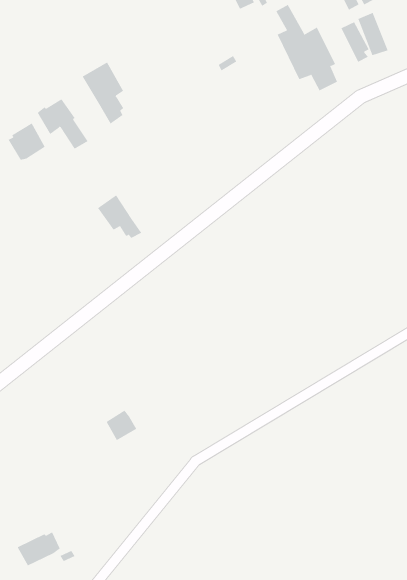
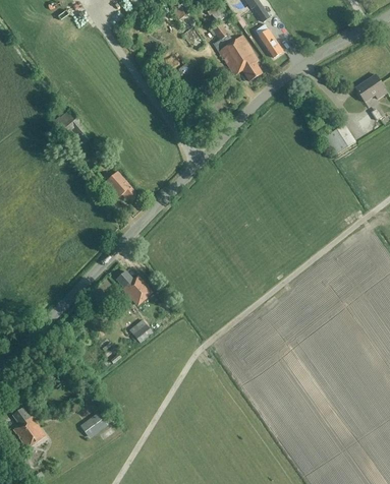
building: [82,62,124,125] -> none
building: [8,123,46,160] -> none
building: none -> [114,270,151,304]

